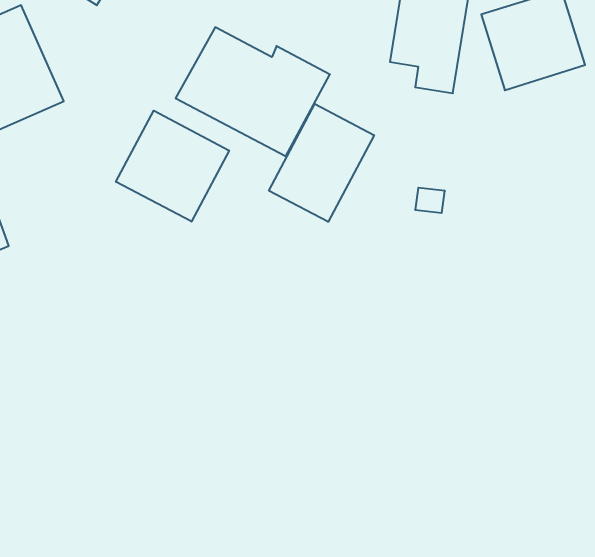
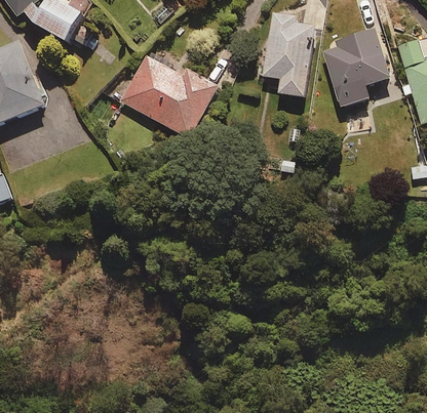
building: [269,104,374,222] -> none
building: [116,111,229,222] -> none

